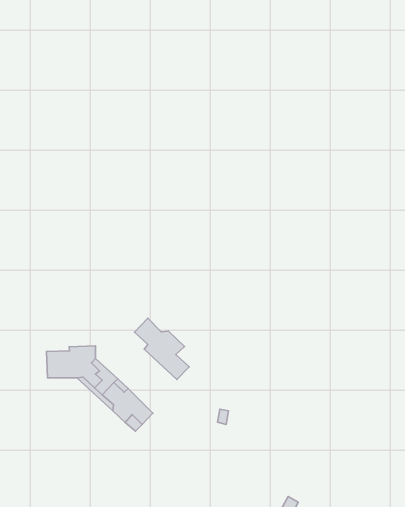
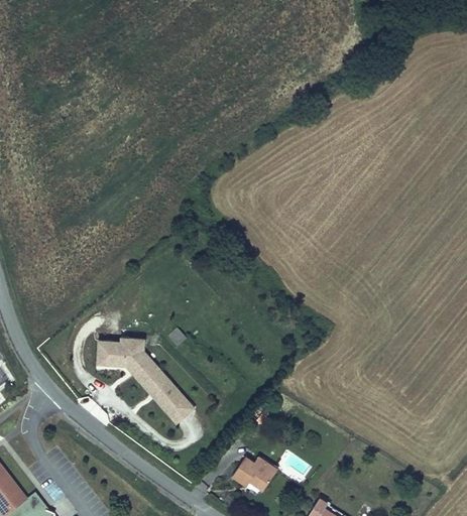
building: [135,318,189,380] -> none
building: none -> [231,456,277,491]

